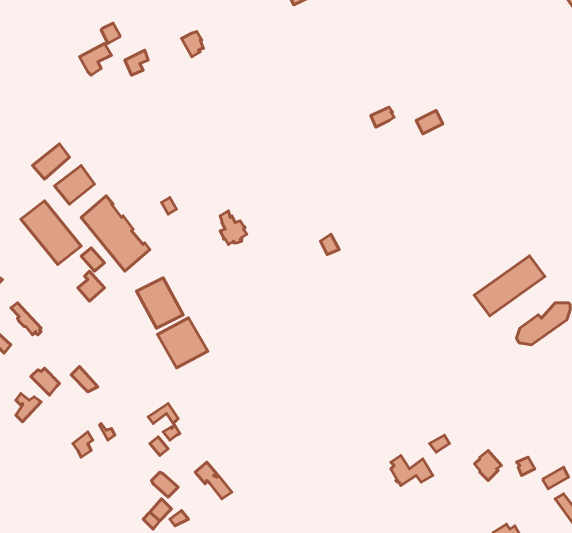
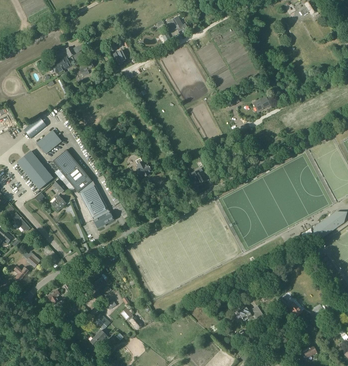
building: [474,256,545,316] -> none
building: [157,318,208,368] -> none

